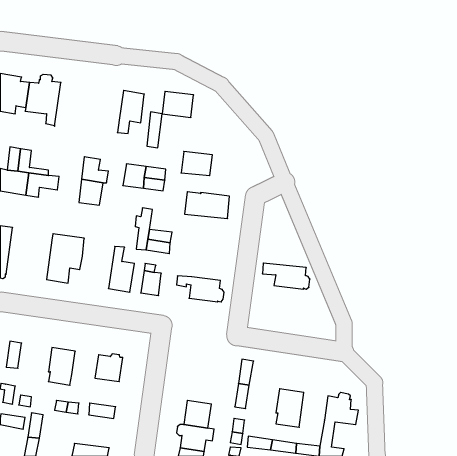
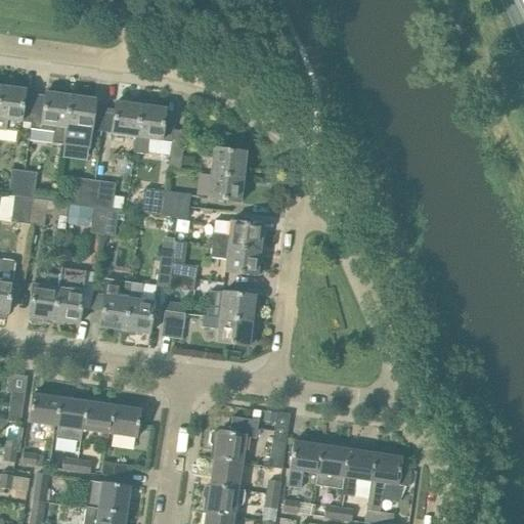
building: none -> [63,94,96,147]
building: none -> [112,100,142,137]
building: [162,91,194,117] -> [211,147,247,177]
building: none -> [71,176,97,205]
building: none -> [29,270,60,323]
building: none -> [92,277,132,330]
building: none -> [220,291,261,320]
building: [262,263,310,289] -> [211,245,265,274]
building: none -> [29,393,60,425]
building: none -> [83,401,114,432]
building: none -> [210,416,259,462]
building: none -> [288,437,320,486]
building: none -> [342,444,376,495]
building: none -> [86,480,130,512]

